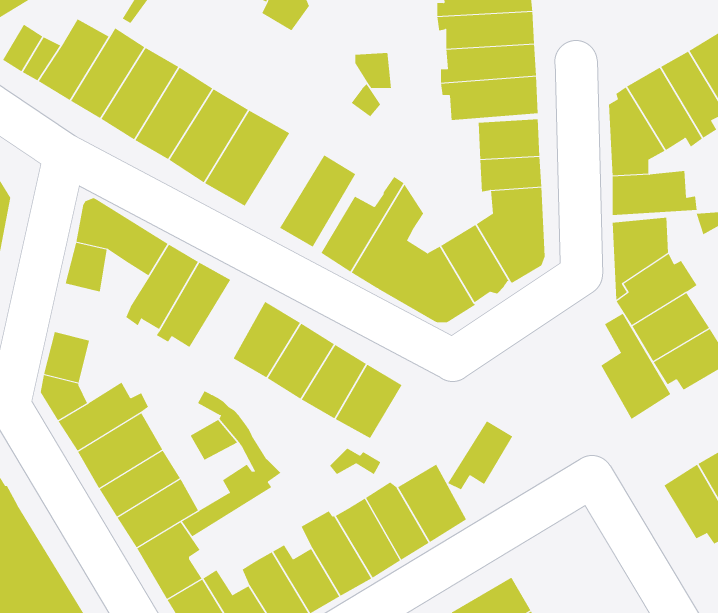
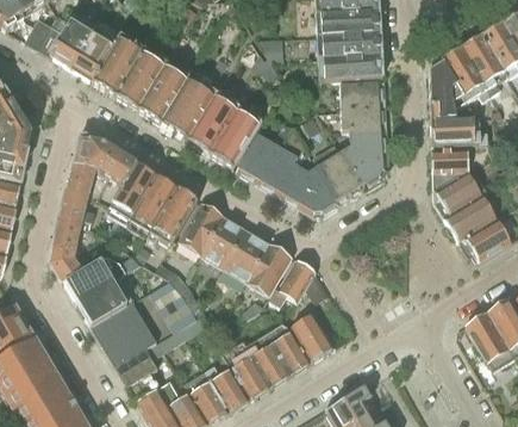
building: none -> [187,89,239,153]
building: none -> [148,187,198,245]
building: none -> [60,190,94,228]
building: [600,313,671,420] -> none
building: [447,420,513,490] -> [272,260,316,307]

